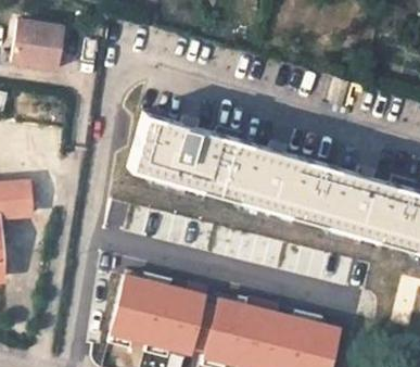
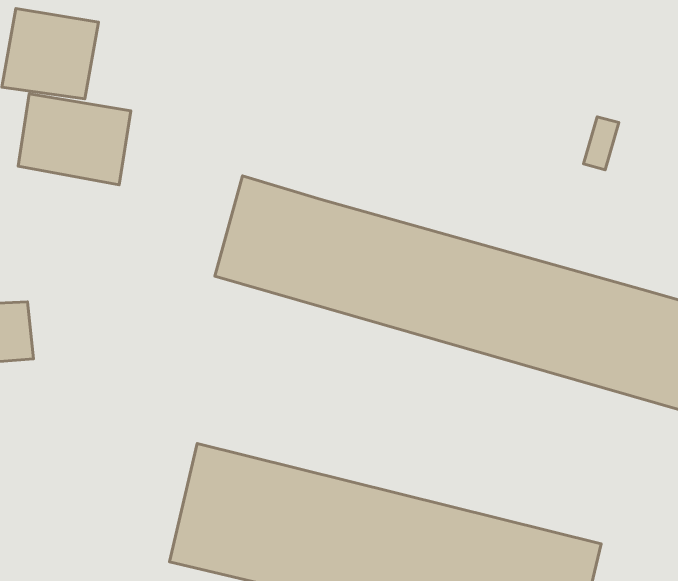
building: none -> [18,94,131,185]

